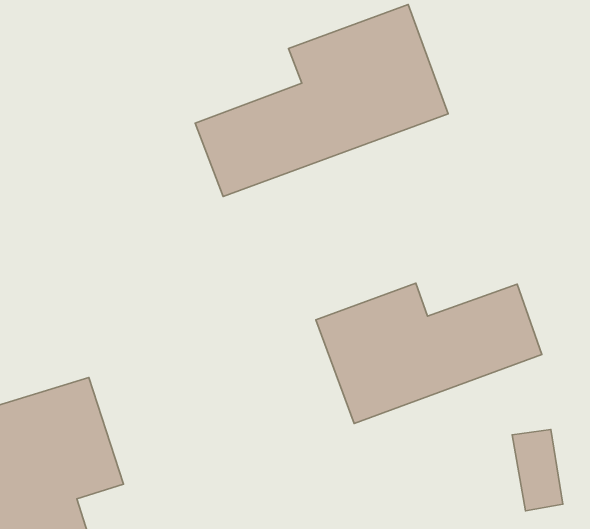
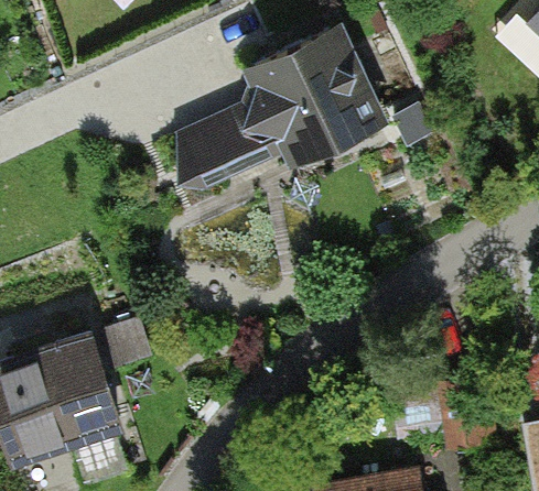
building: [316,283,542,423] -> none

